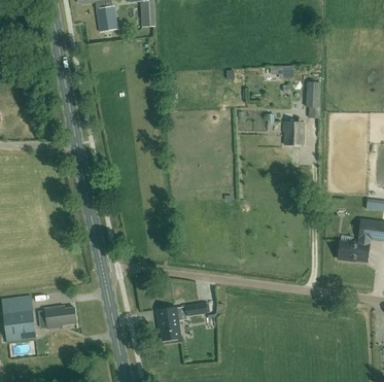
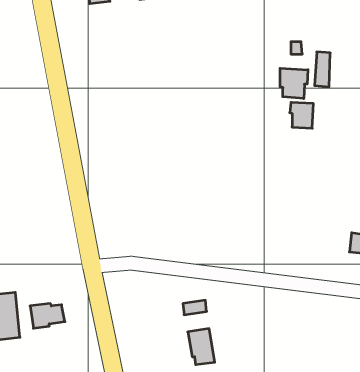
building: none -> [280,68,308,99]
building: [155,307,180,340] -> [188,329,215,365]

